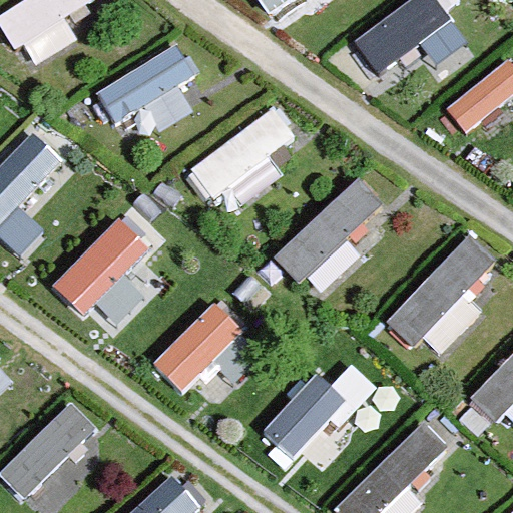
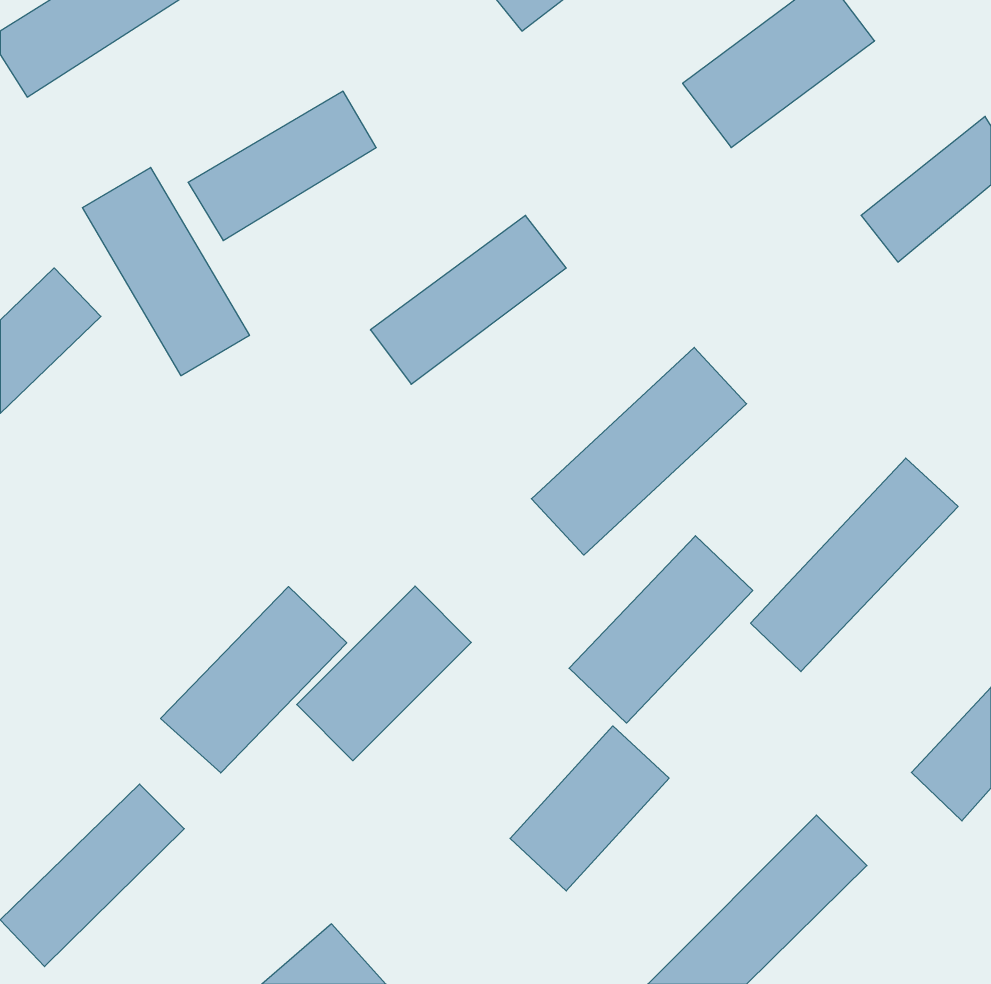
building: none -> [82,167,249,376]
building: [54,219,150,316] -> [161,587,347,773]
building: none -> [569,536,753,723]

